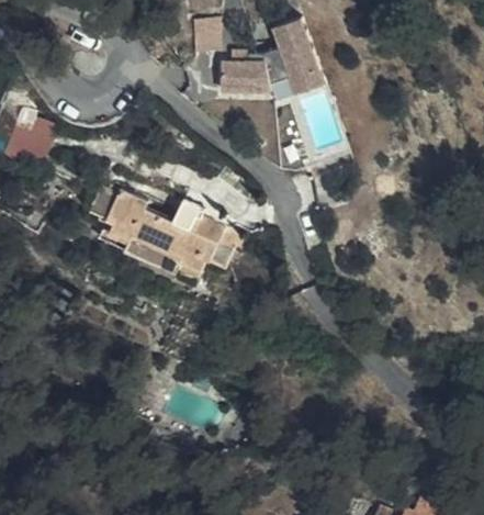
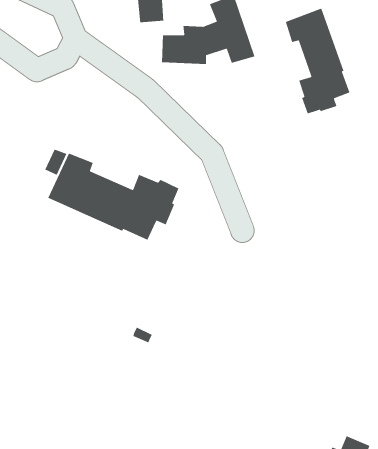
building: none -> [285,7,351,114]

